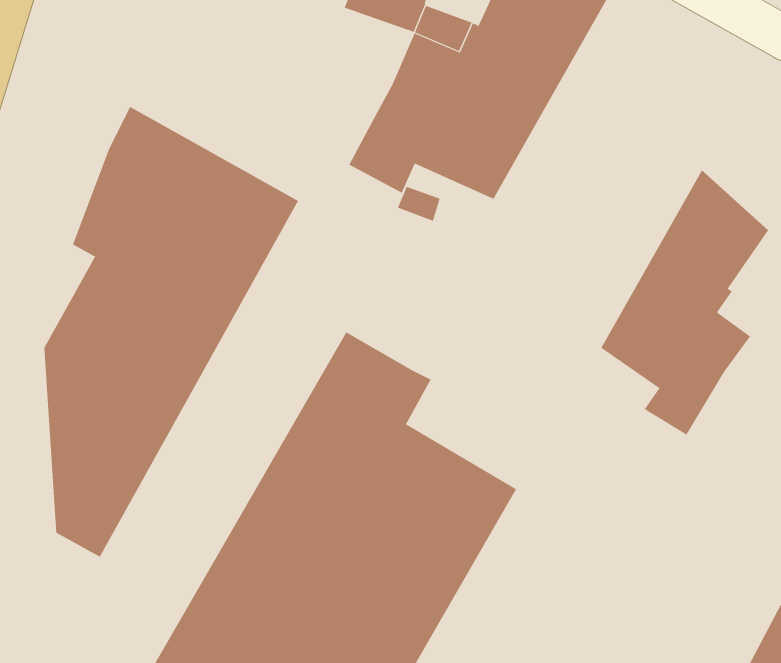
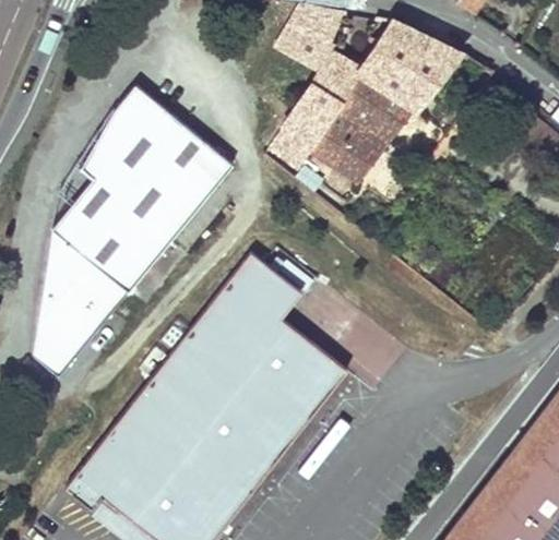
building: [600,170,769,435] -> none

